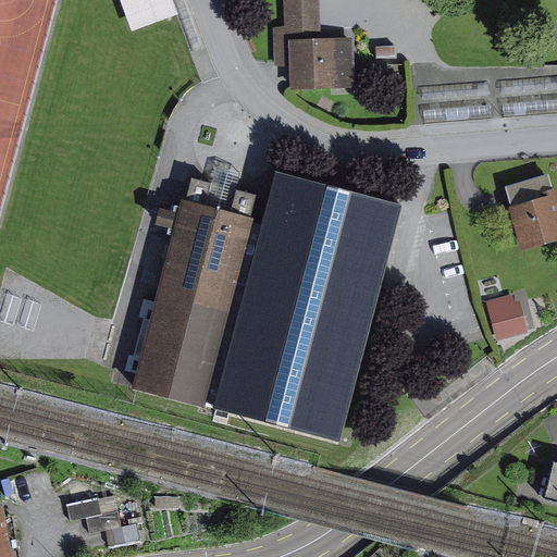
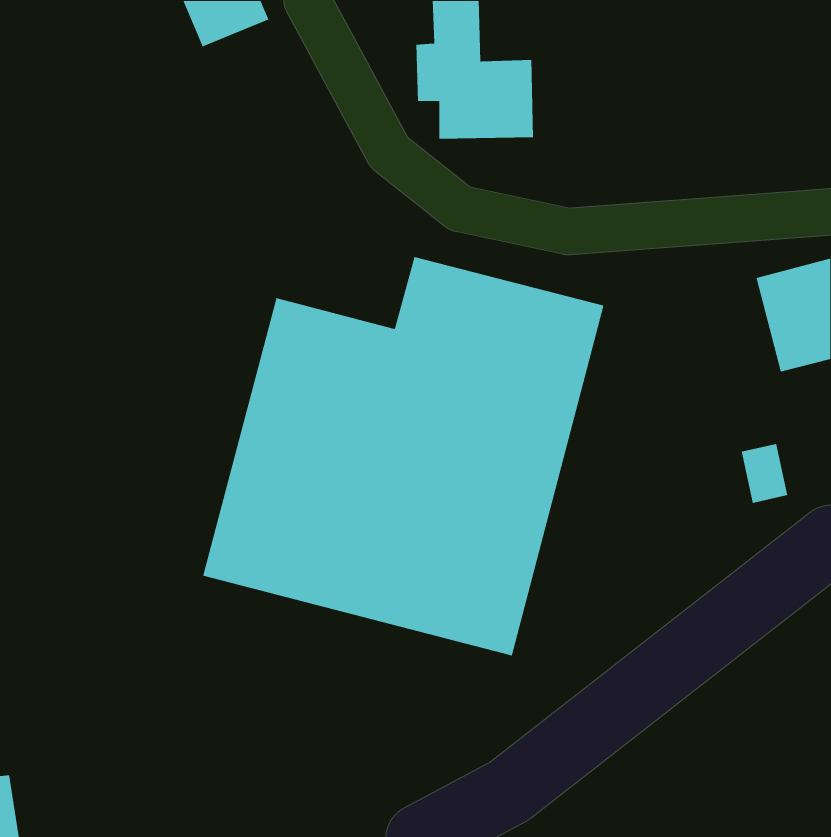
building: [66,498,140,547] -> none

